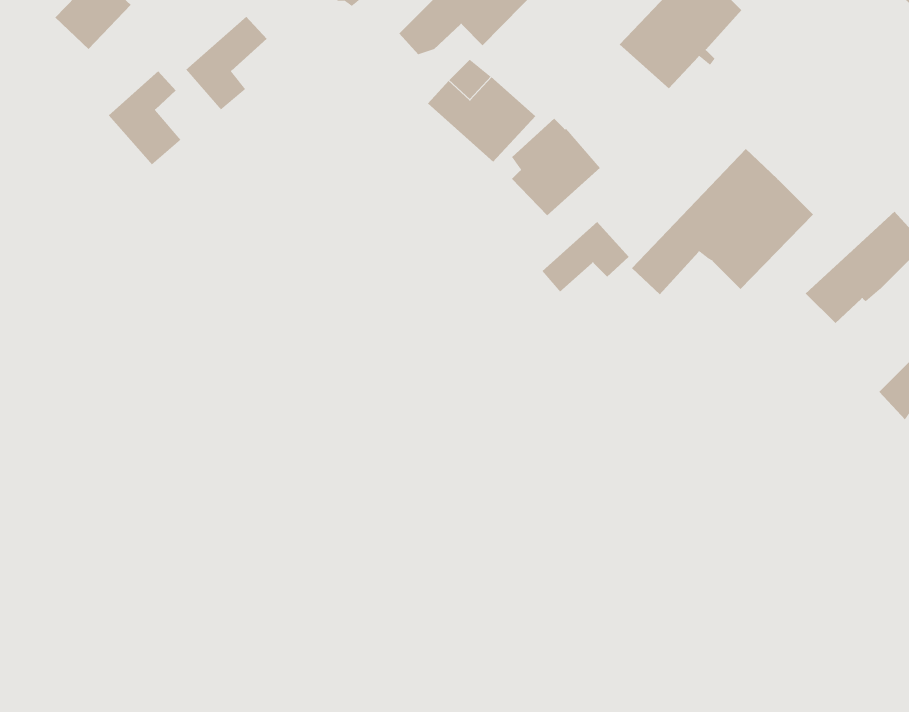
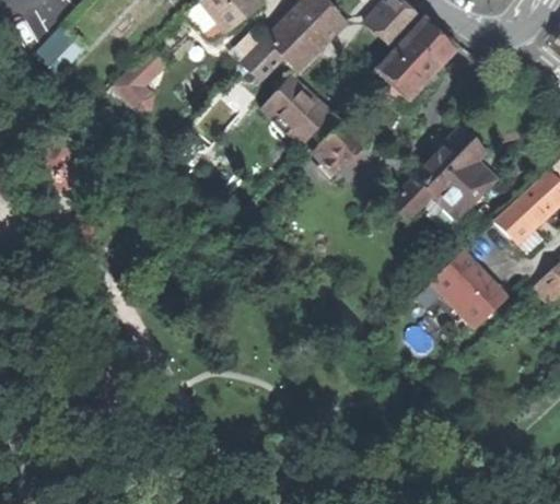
building: [108,71,182,165] -> none
building: [541,221,630,292] -> none
building: none -> [430,253,504,327]

